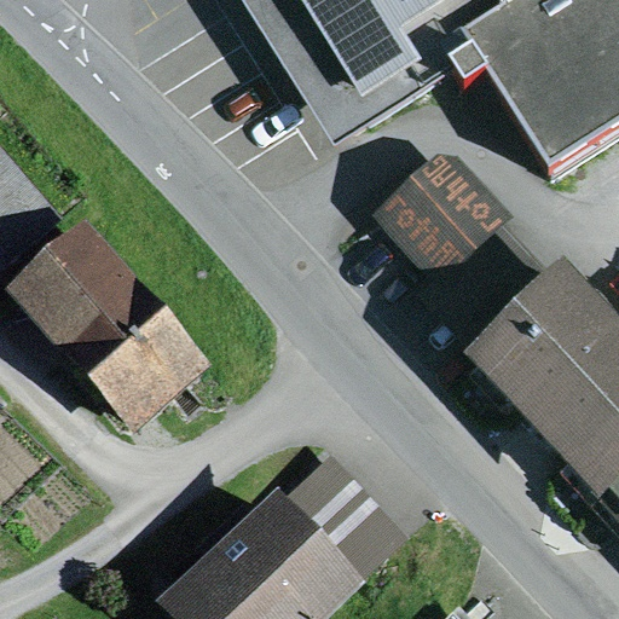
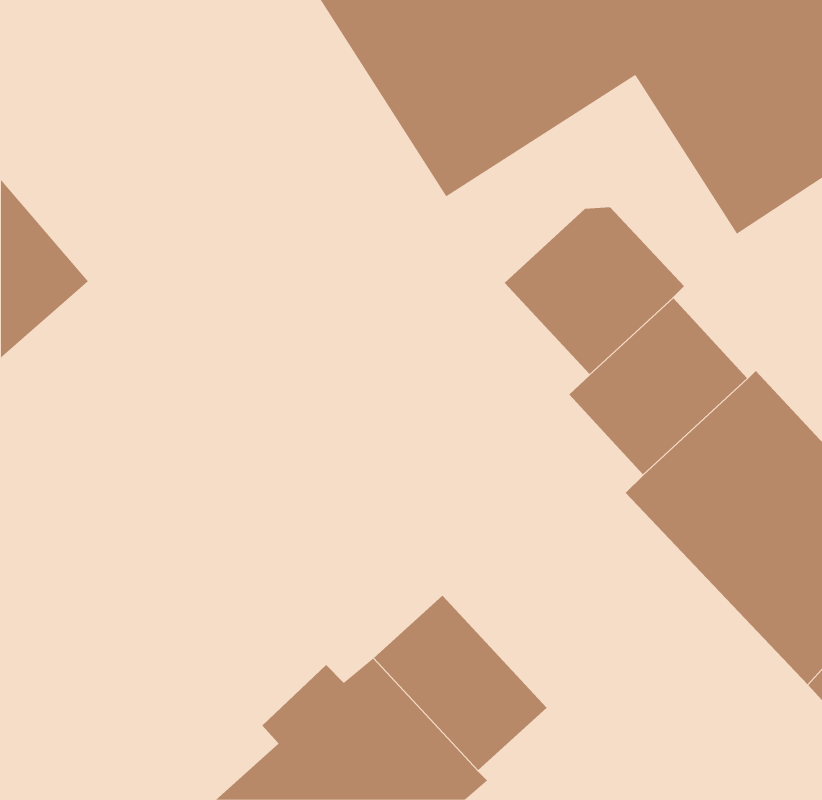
building: [13,227,215,436] -> none

